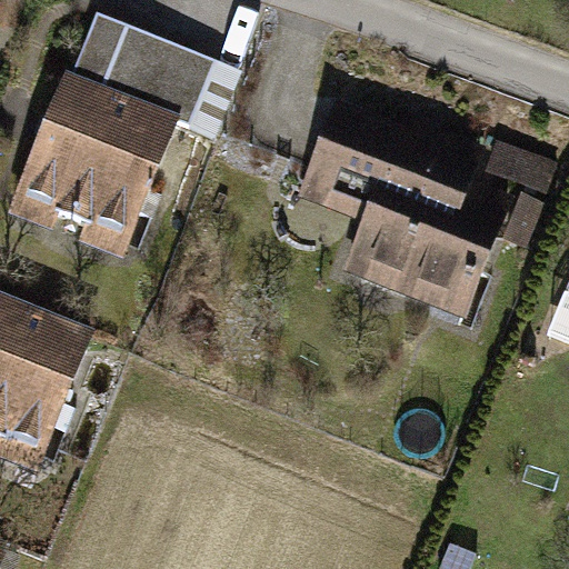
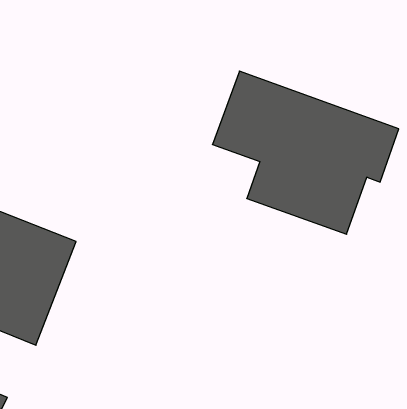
building: [70,11,210,109] -> none
building: [4,70,180,262] -> none

